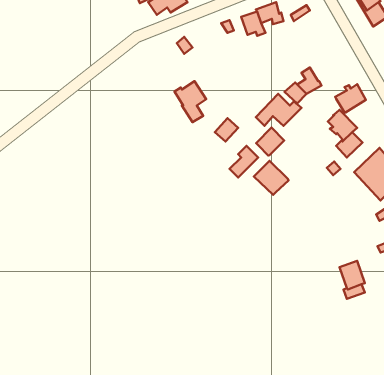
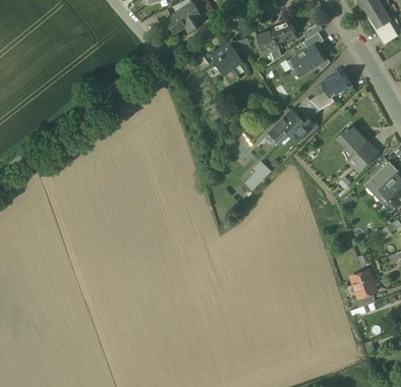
building: none -> [295,46,324,71]
building: [175,81,206,122] -> [211,45,241,85]
building: [335,84,366,113] -> [321,70,350,98]
building: [256,127,284,156] -> none
building: [254,161,288,195] -> none

